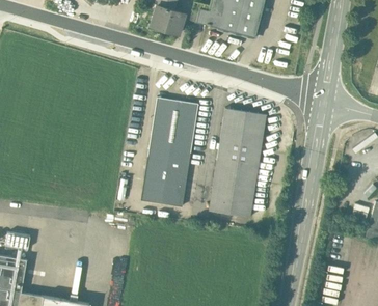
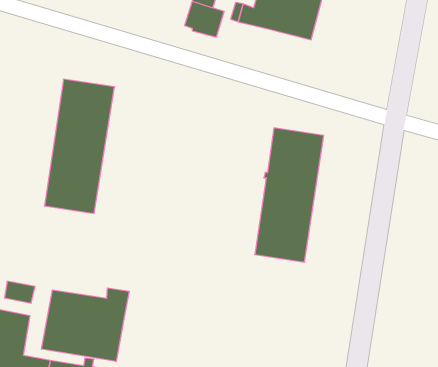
building: [141,98,198,206] -> [44,79,115,213]
building: none -> [42,288,129,362]

